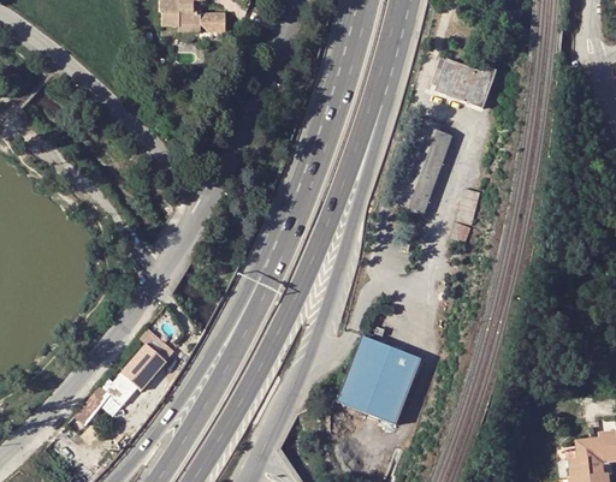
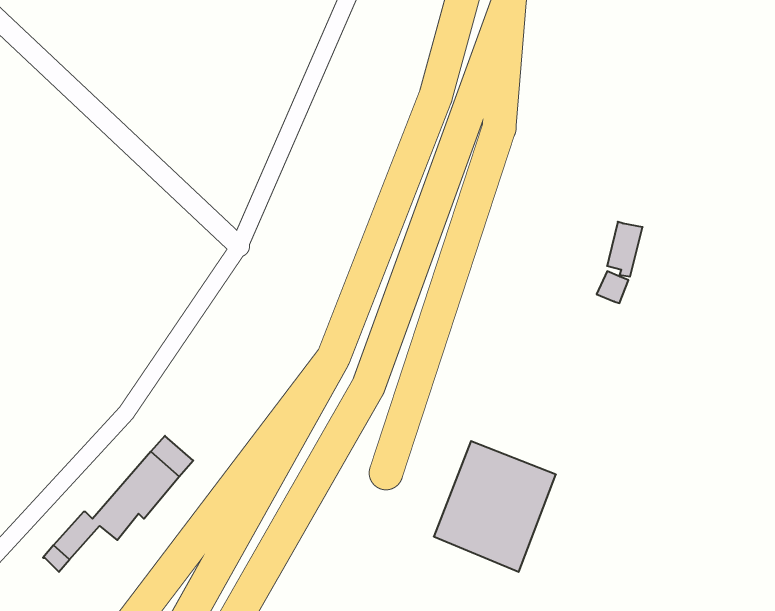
building: [433,61,496,107] -> none
building: [396,117,452,213] -> none

